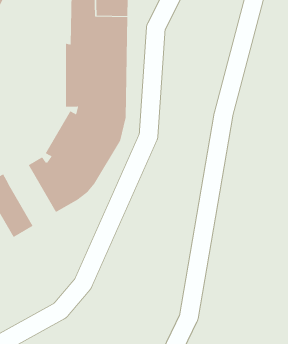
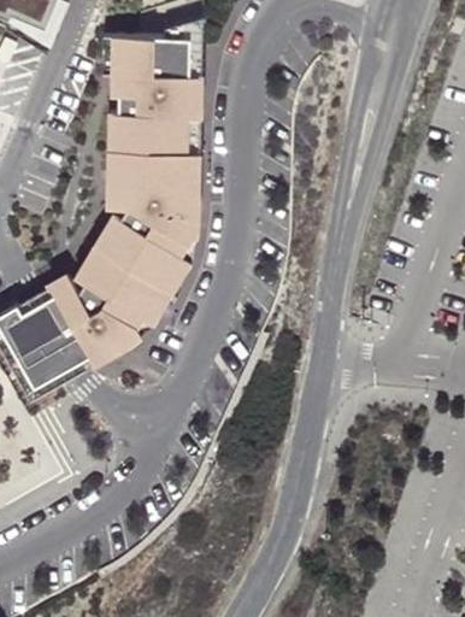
building: none -> [24,301,93,383]

